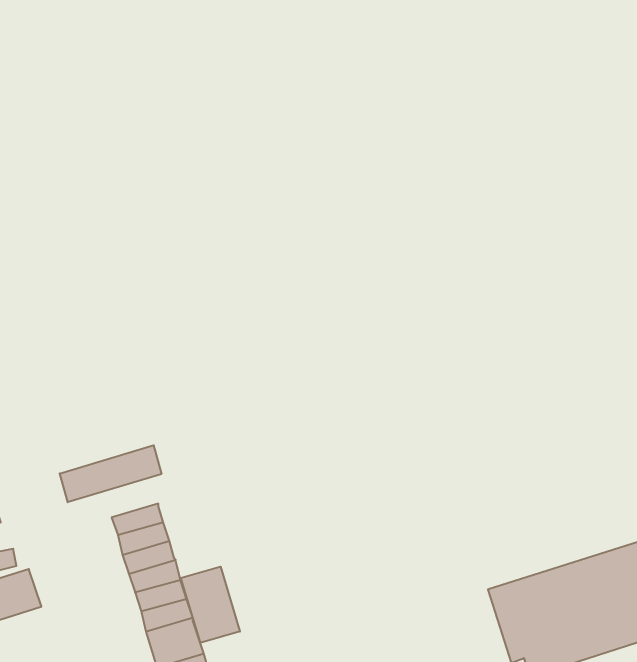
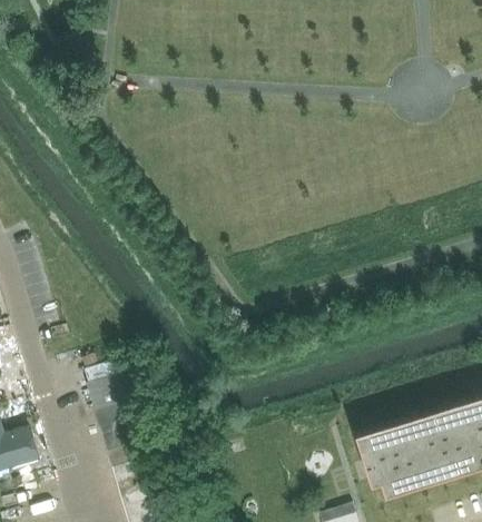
building: [60,445,161,502] -> none
building: [181,567,240,643] -> none

